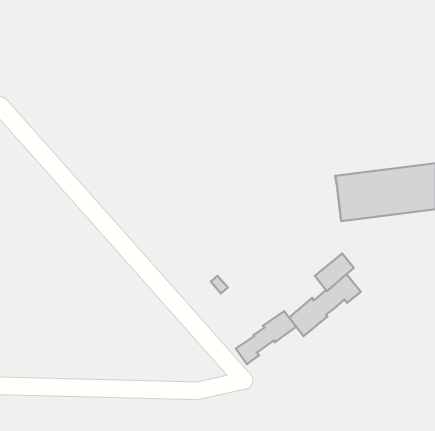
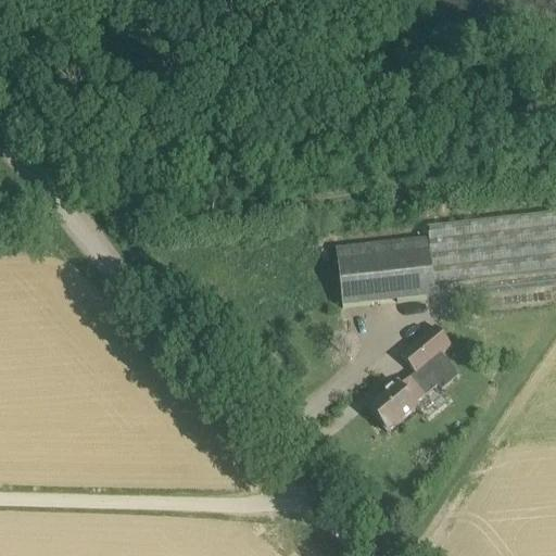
building: none -> [337,235,437,303]
building: [236,311,296,364] -> none

